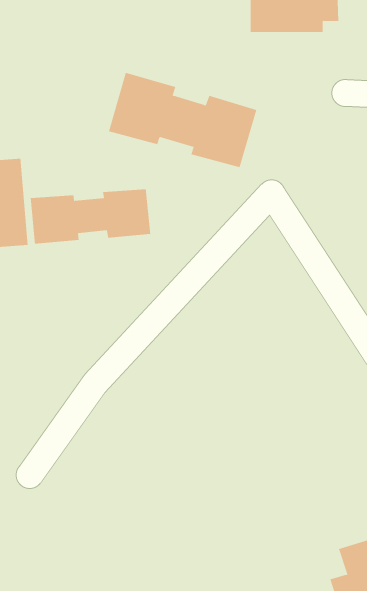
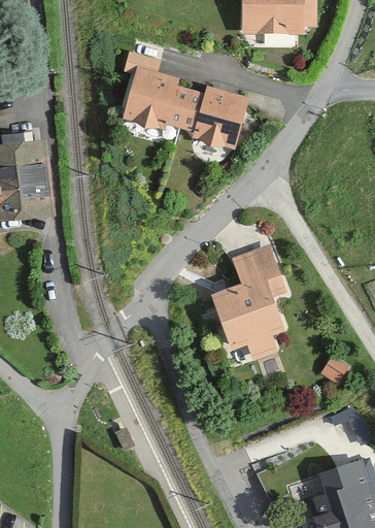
building: [30,188,151,245] -> none
building: none -> [210,244,285,362]

